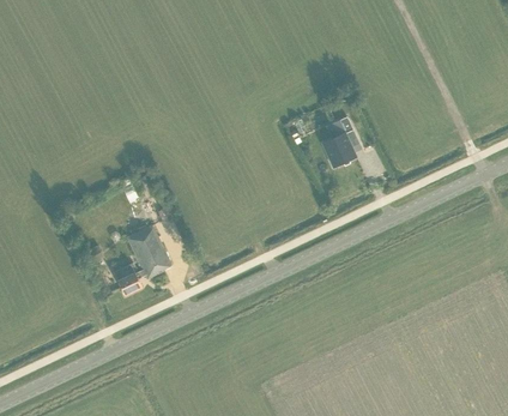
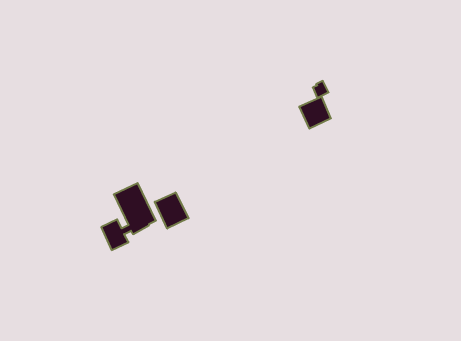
building: none -> [155,192,189,229]

